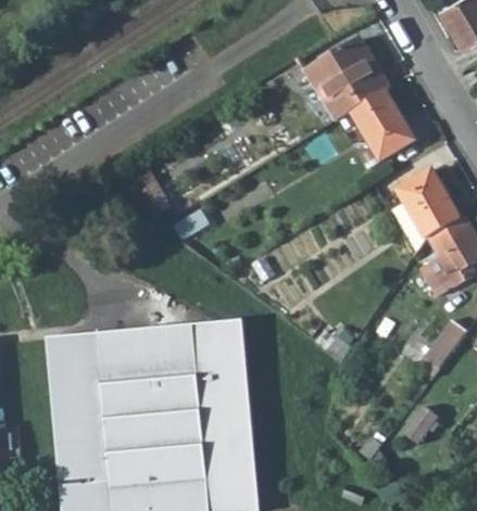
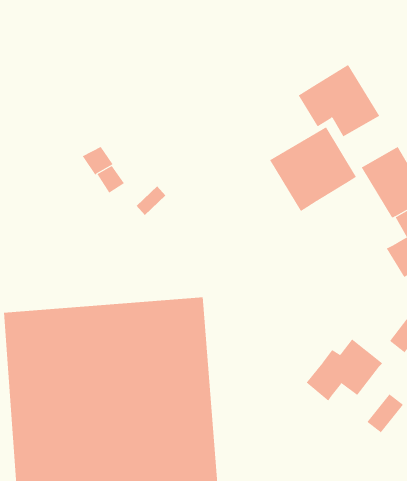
building: [304,39,389,122] -> [269,126,357,212]
building: none -> [306,339,383,401]

